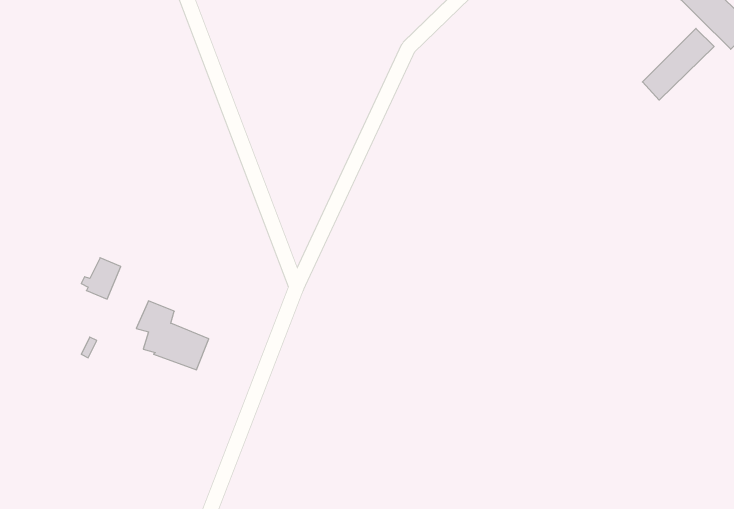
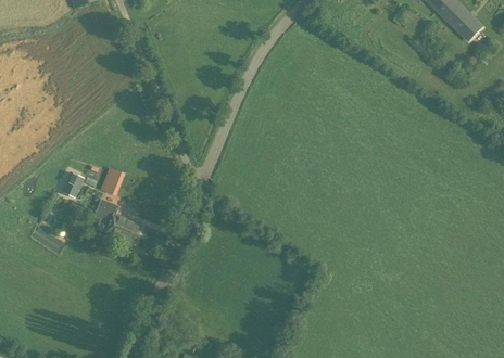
building: [642,28,714,100] -> none
building: none -> [103,166,127,193]

